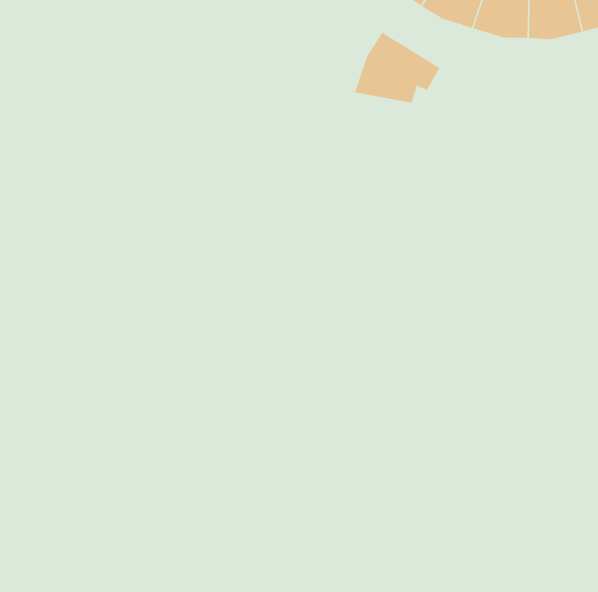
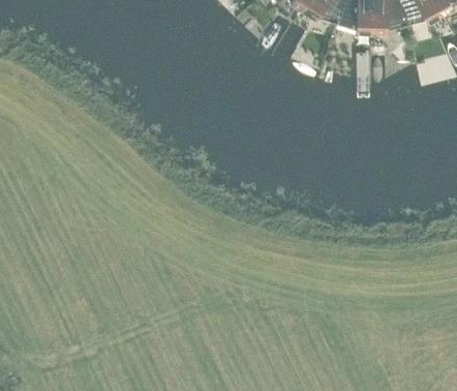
building: [354,32,440,104] -> none

